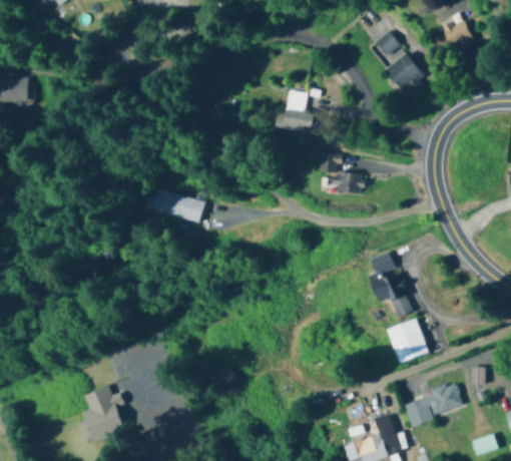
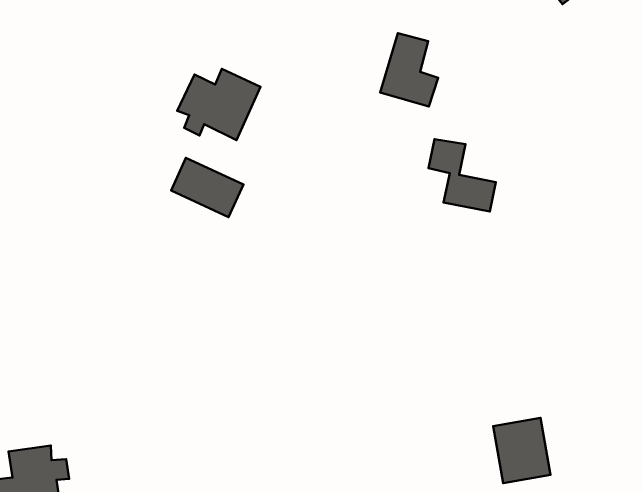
building: [385,54,424,93] -> none
building: none -> [177,69,261,140]
building: [370,253,411,318] -> none

